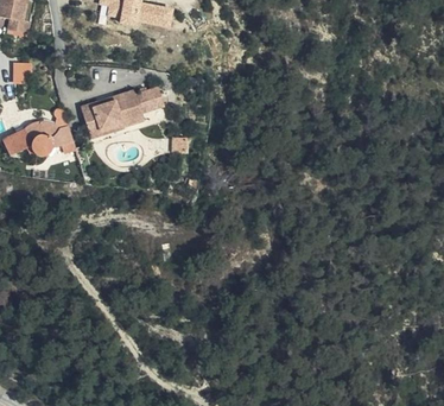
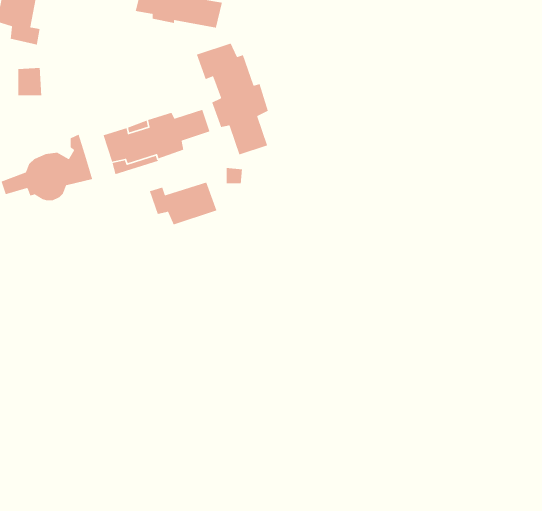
building: none -> [196,43,269,156]
building: none -> [149,182,217,226]

